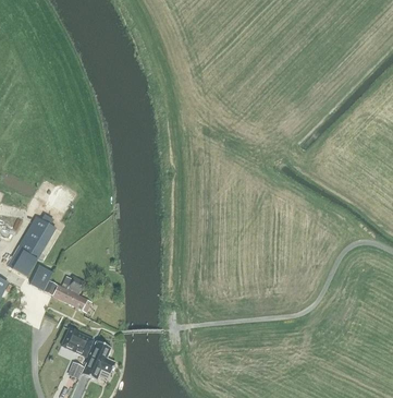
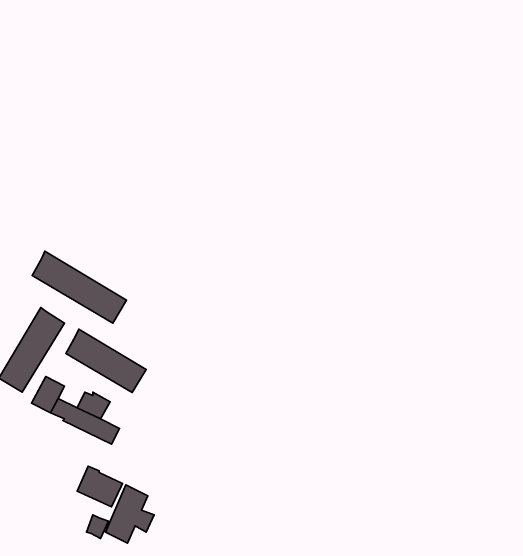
building: none -> [32,251,127,323]
building: none -> [66,329,146,393]

